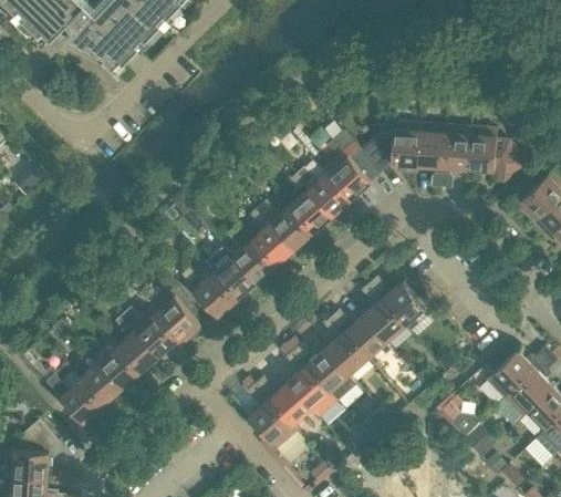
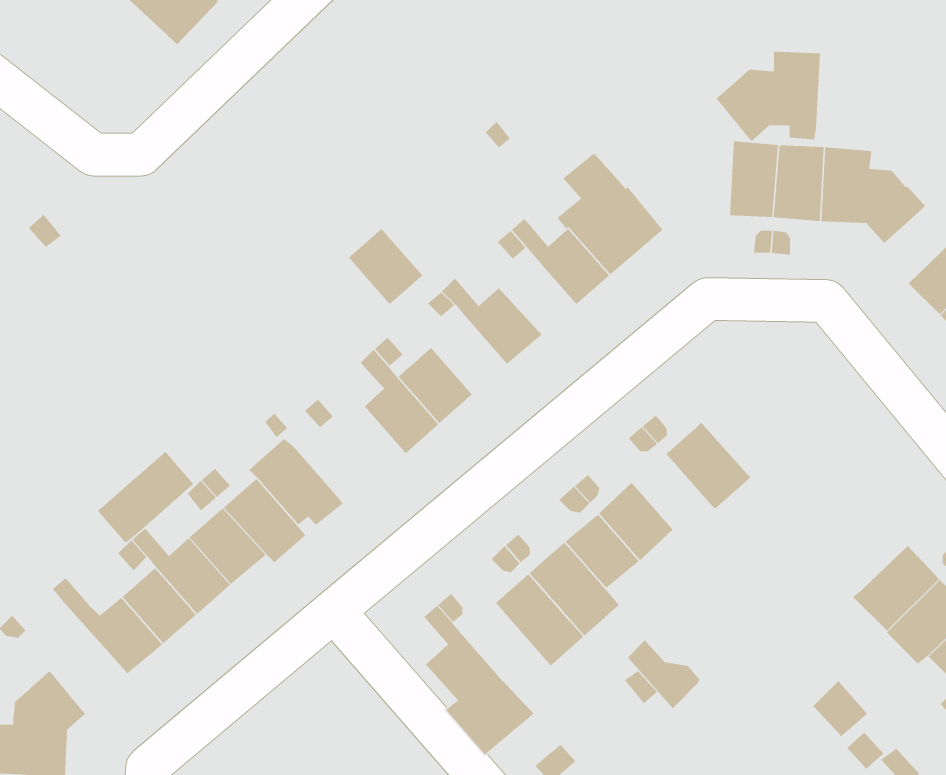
building: [361,124,419,175] -> [715,51,821,142]
building: [289,190,332,234] -> none
building: [251,224,293,267] -> [348,228,423,305]
building: [194,273,237,318] -> none
building: none -> [97,451,194,544]
building: [363,300,405,342] -> none
building: [268,383,310,426] -> none
building: [438,402,479,441] -> [627,640,701,709]

